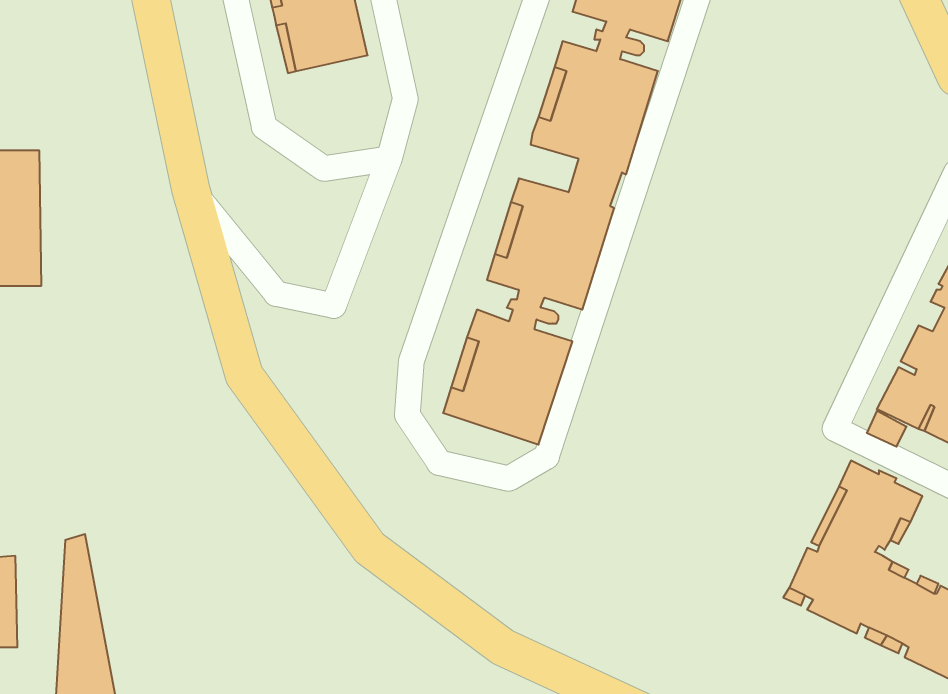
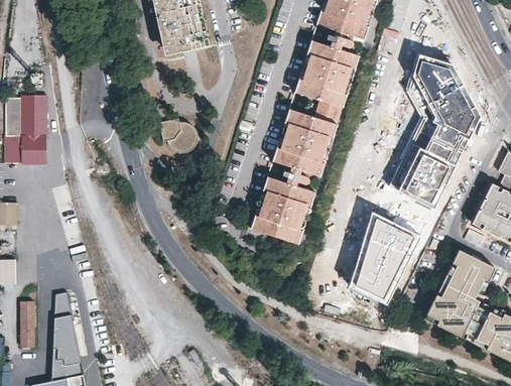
building: none -> [388,51,480,207]
building: none -> [160,116,200,152]
building: none -> [348,211,420,304]

